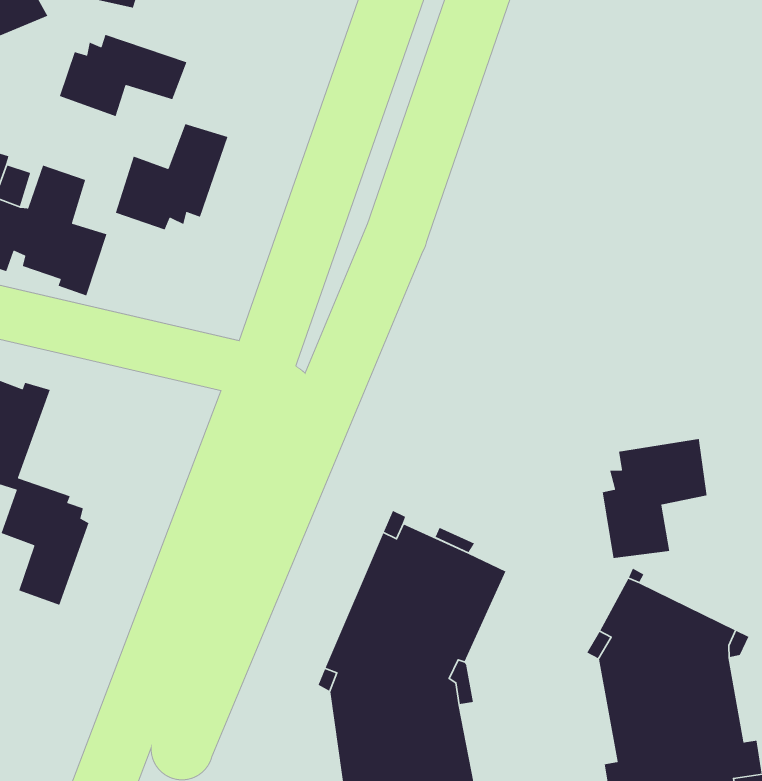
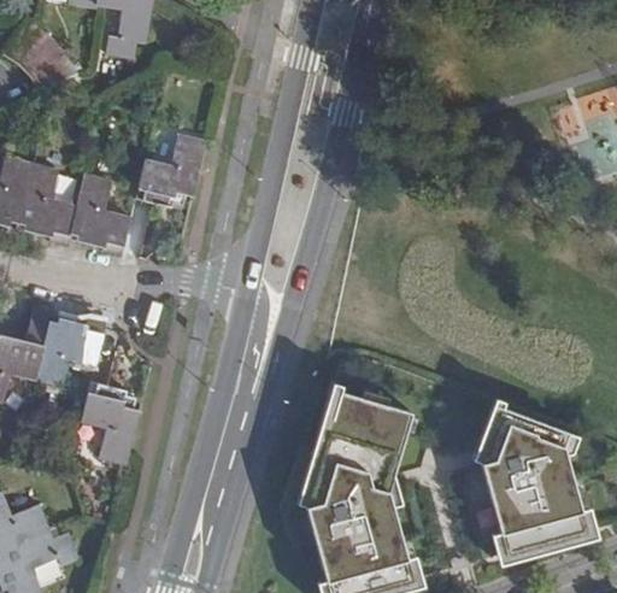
building: [59,34,187,117] -> none
building: [602,438,707,559] -> none

